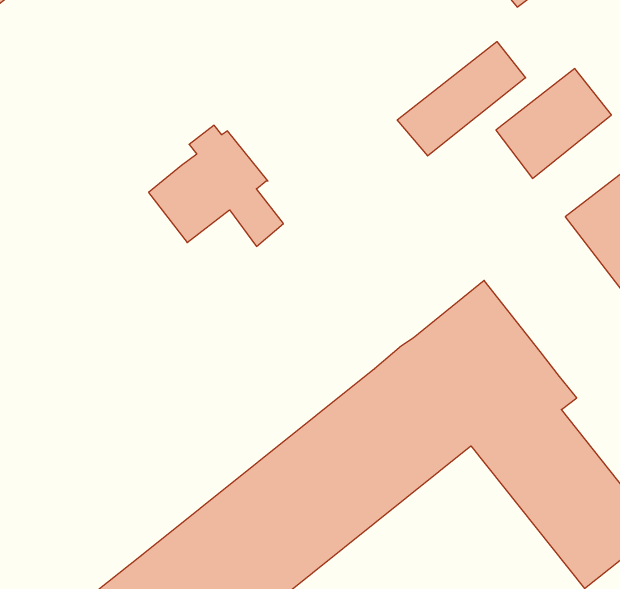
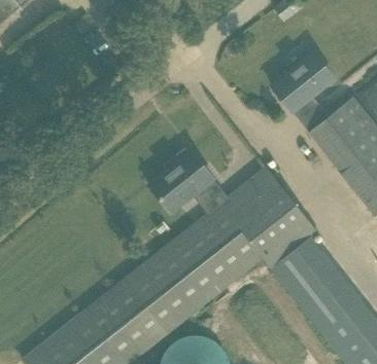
building: [397,42,526,156] -> none
building: [149,125,283,246] -> [151,148,224,213]

